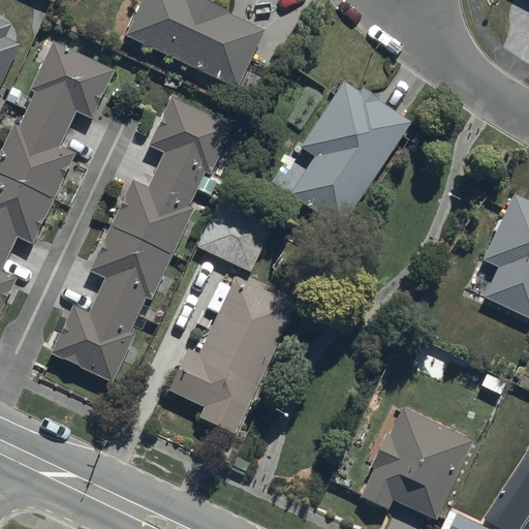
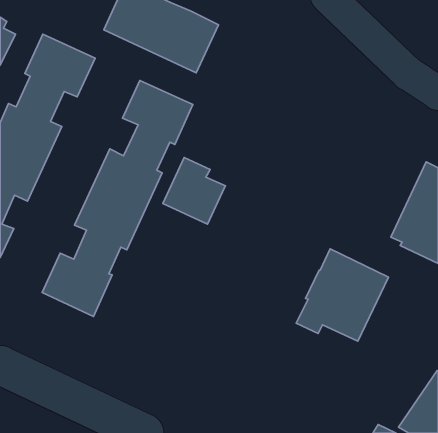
building: [289,83,411,226] -> none
building: [166,276,295,432] -> none
building: [360,406,471,518] -> [296,249,389,341]

